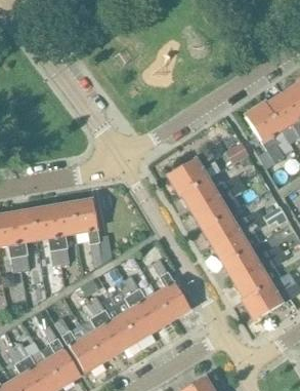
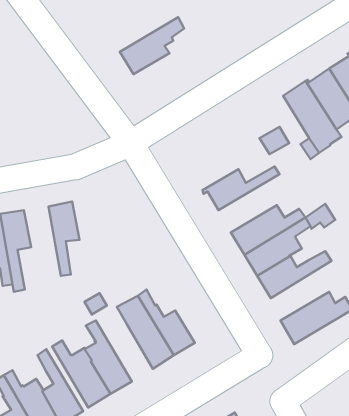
building: [167,146,220,193] -> [120,17,184,74]
building: [191,180,247,228] -> none
building: [71,199,112,267] -> none
building: [31,206,61,266] -> none
building: [234,251,288,301] -> none
building: [152,259,190,319] -> none
building: [90,297,137,351] -> none

